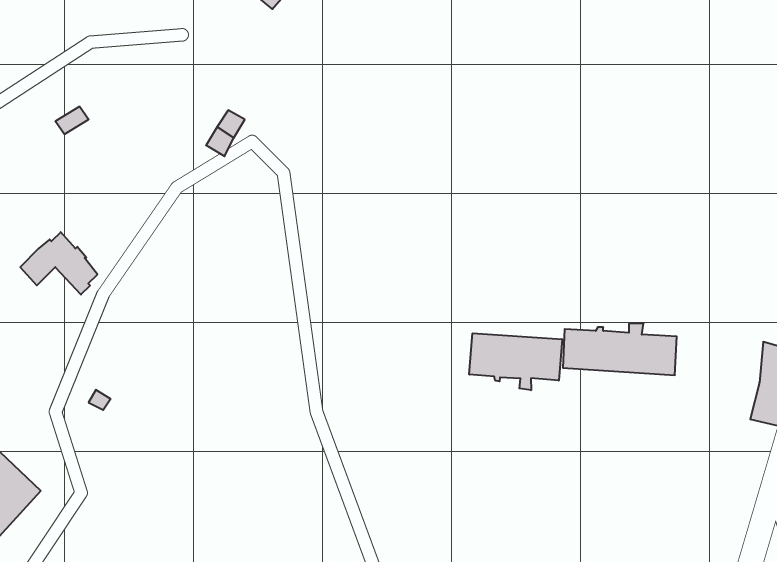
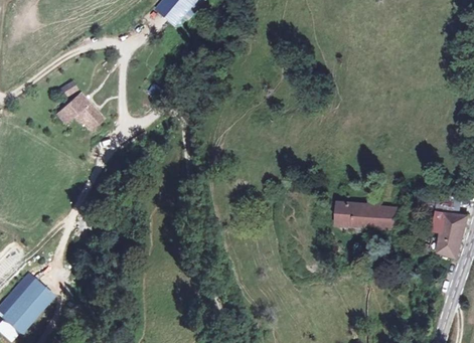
building: [20,232,97,295] -> [57,96,100,130]
building: [469,333,562,390] -> none

